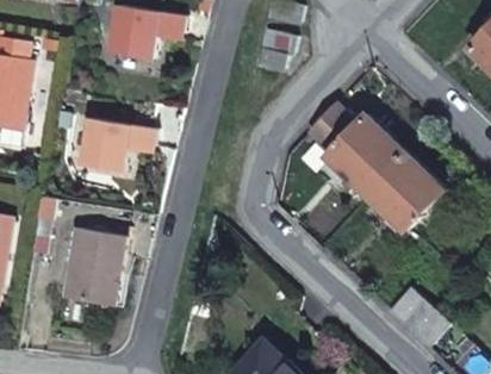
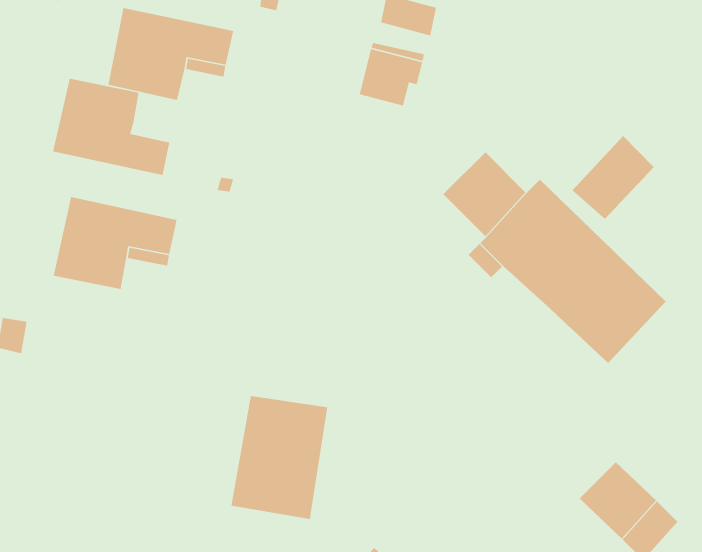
building: none -> [52,78,170,176]
building: none -> [571,135,654,220]
building: [67,233,126,310] -> [231,395,328,520]

